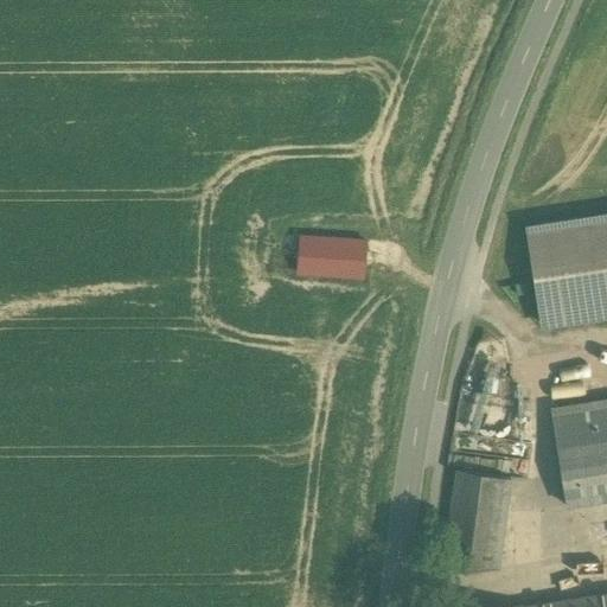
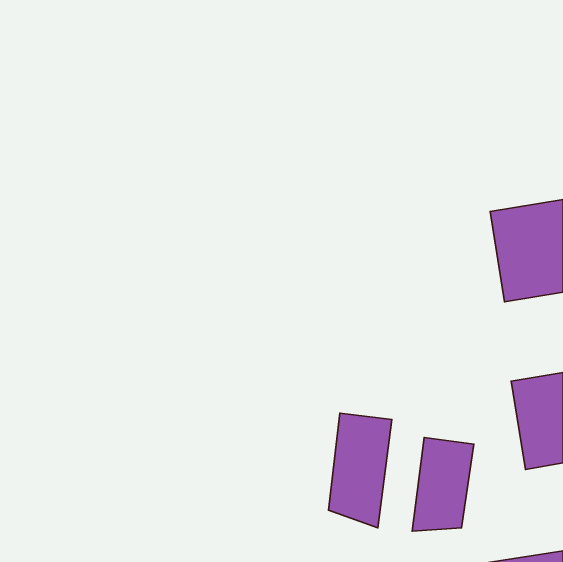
building: [301,239,369,277] -> none
building: none -> [328,413,392,528]

